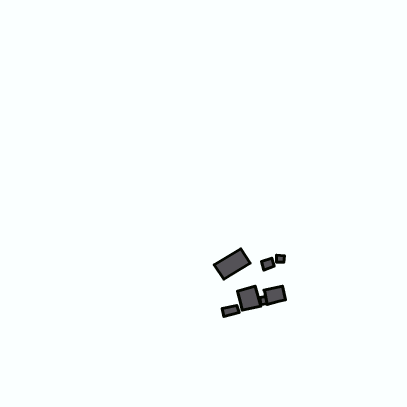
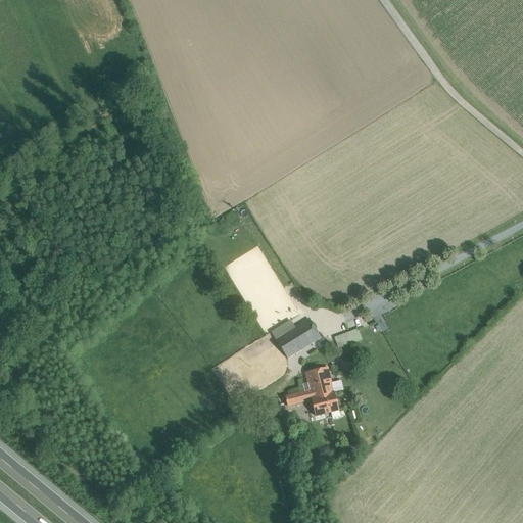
building: [264,286,286,305] -> [310,391,337,415]

